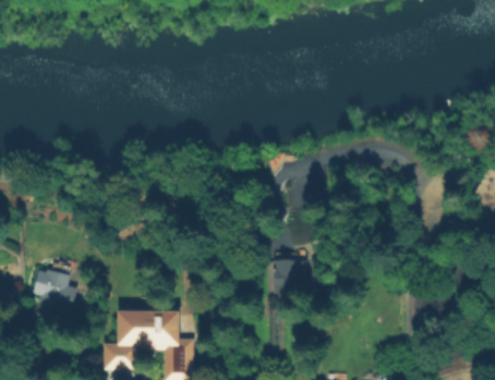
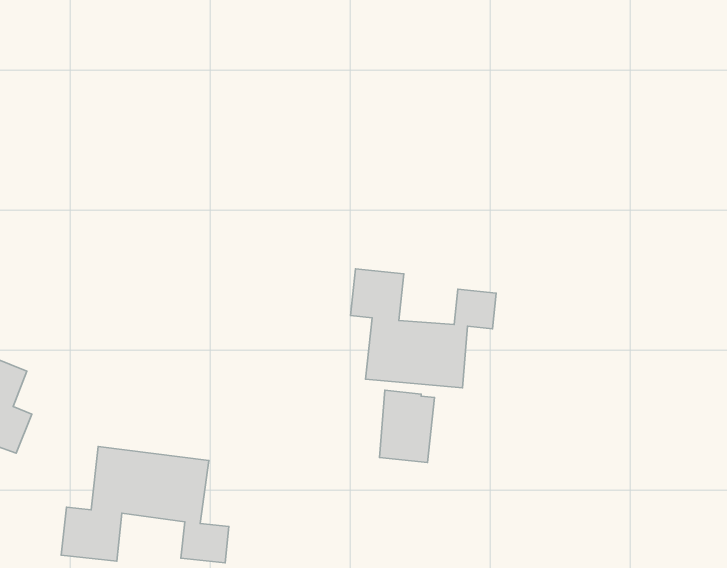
building: none -> [351,269,496,388]

